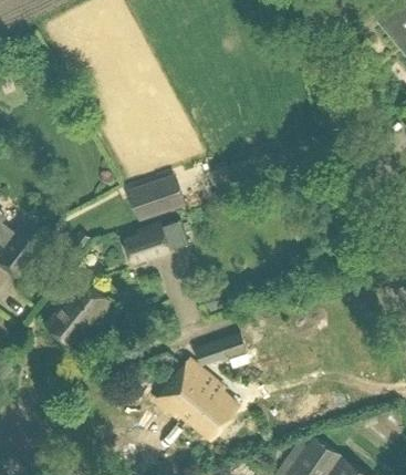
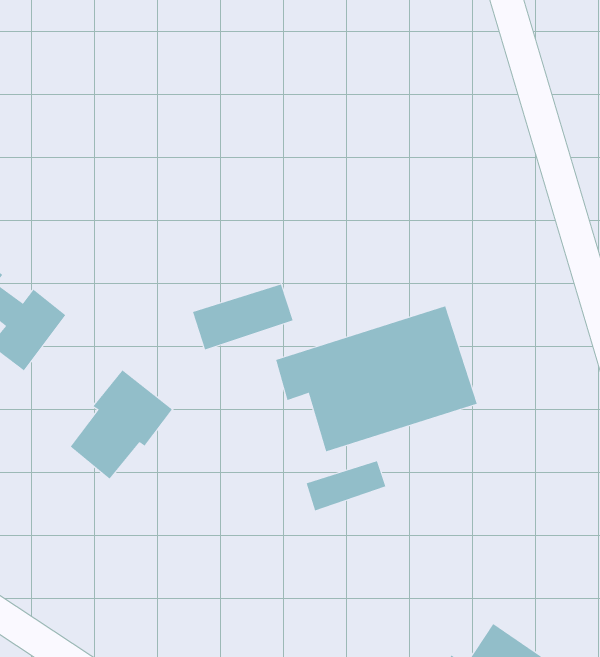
building: [132,183,187,223] -> none
building: none -> [276,306,477,452]
building: [158,368,231,437] -> none

